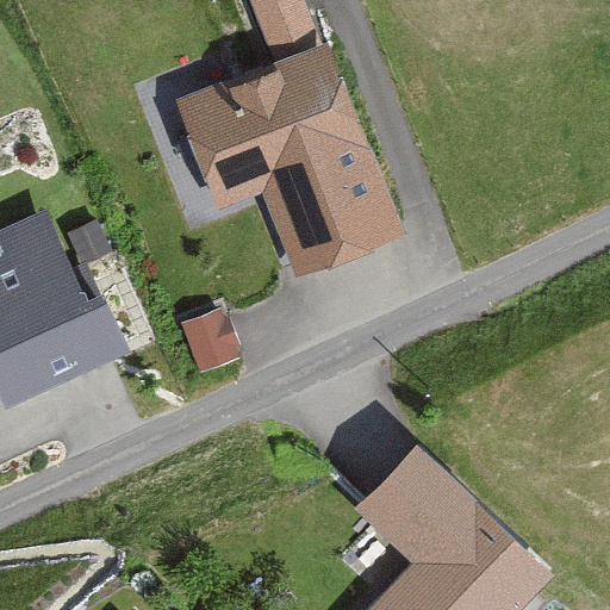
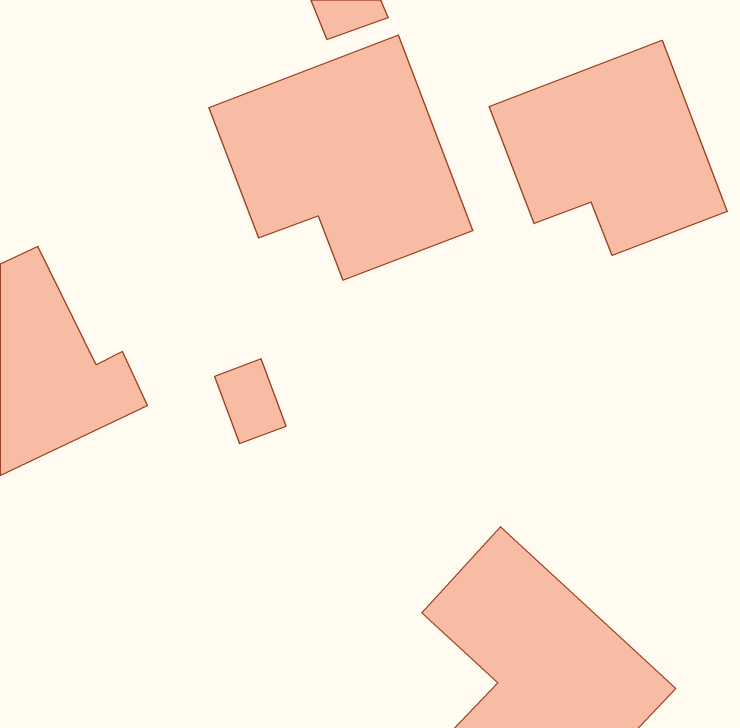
building: none -> [489,40,727,255]

